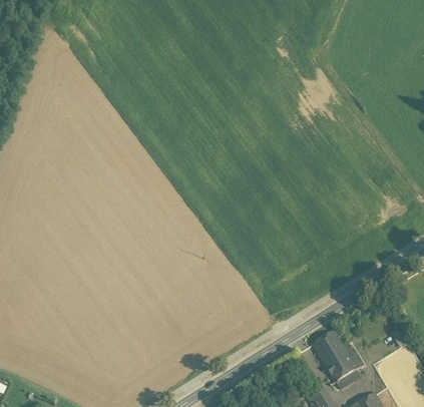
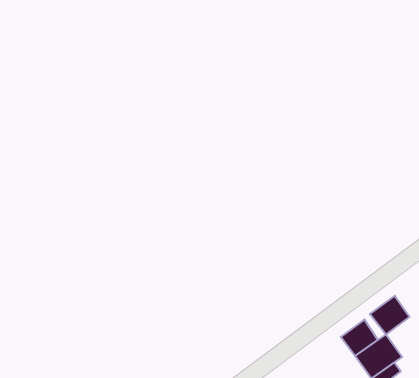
building: none -> [370,296,410,334]

